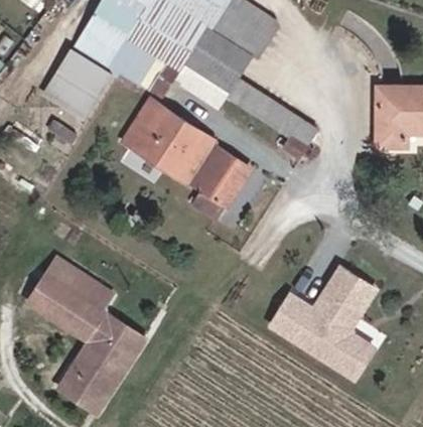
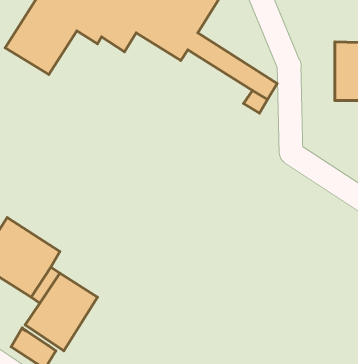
building: [121,96,253,216] -> none
building: [269,268,373,379] -> none

